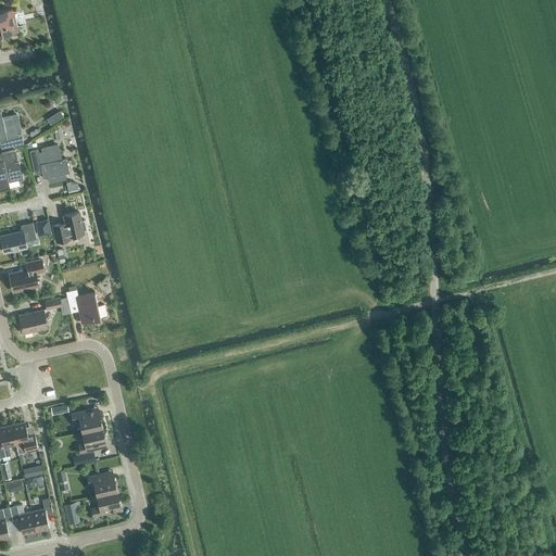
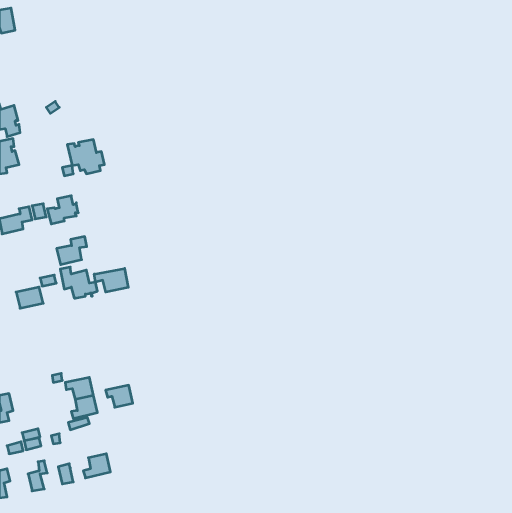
building: [28,146,68,182] -> [67,140,104,174]
building: [10,261,42,291] -> [57,237,87,265]
building: none -> [94,268,128,292]
building: [10,422,37,454] -> none
building: [86,471,115,495] -> [106,385,133,407]
building: [8,504,35,534] -> none

